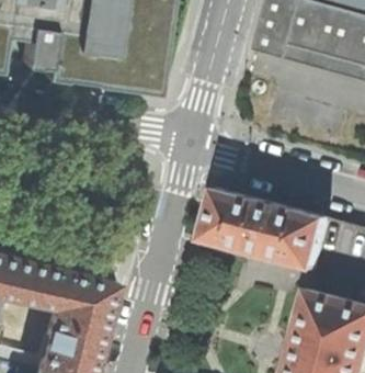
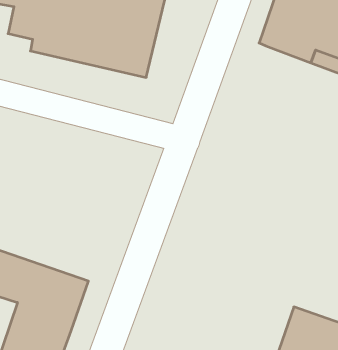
building: [205,190,331,271] -> none

